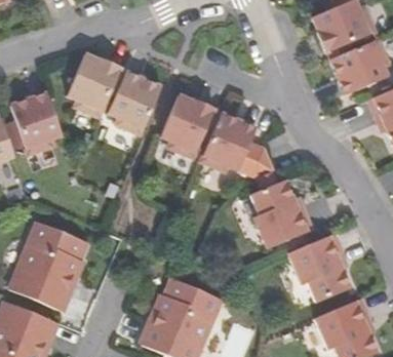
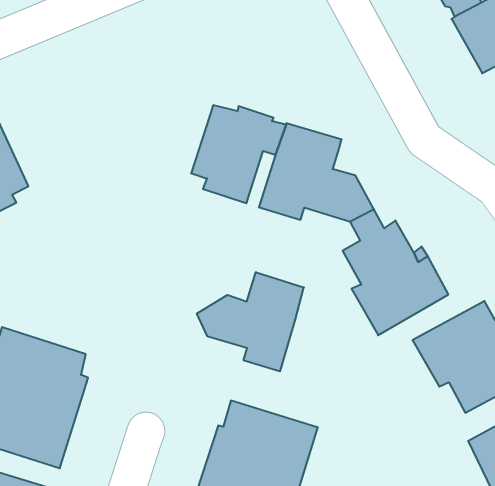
building: [58,55,112,117] -> none
building: [108,72,158,137] -> none
building: none -> [197,272,304,371]

